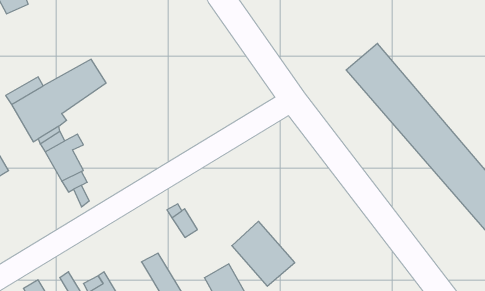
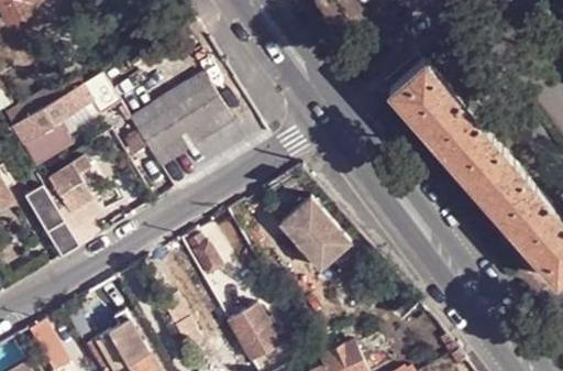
building: none -> [131,74,232,166]
building: none -> [21,179,82,257]
building: [232,221,295,286] -> [280,199,351,272]

